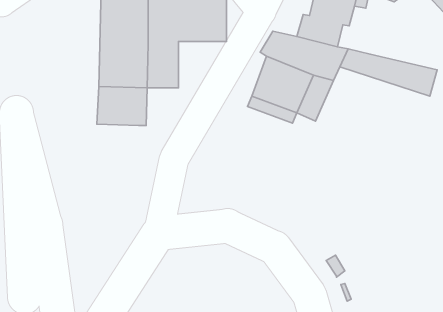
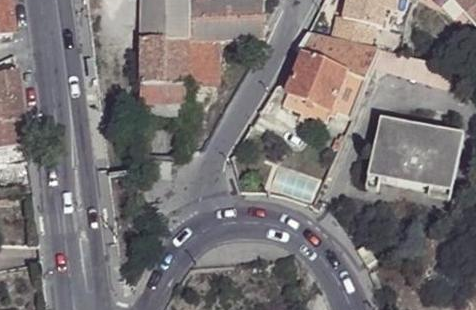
building: none -> [361,121,459,199]

